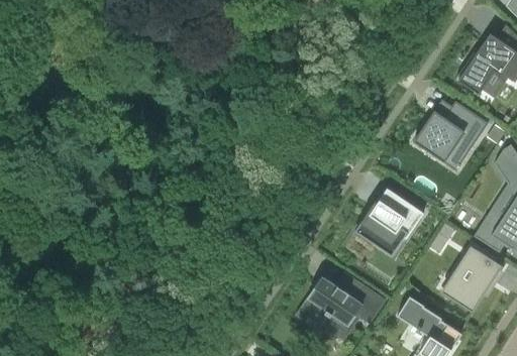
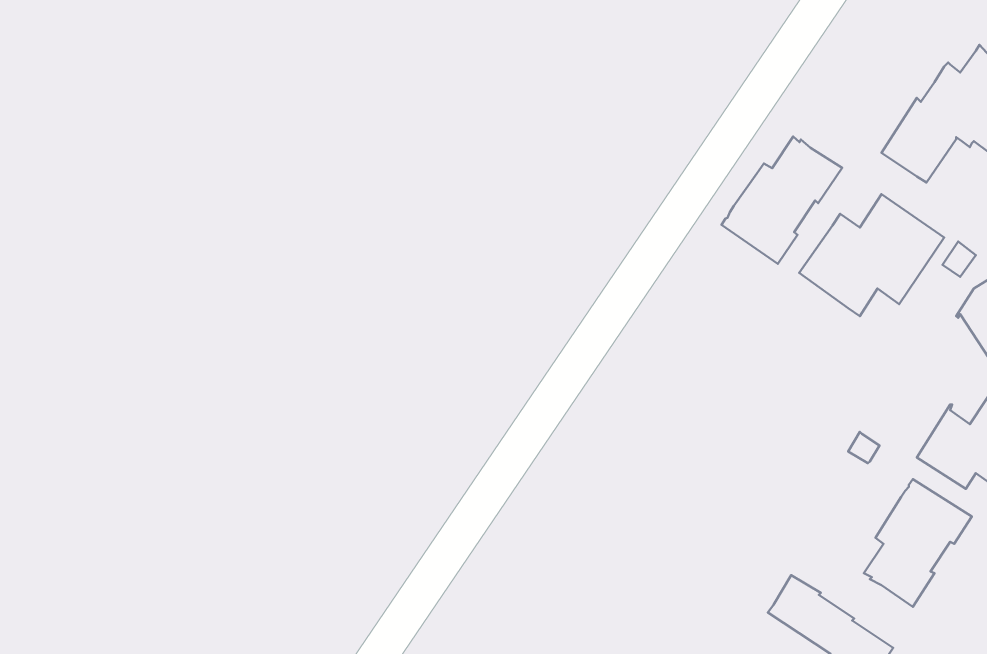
building: none -> [721,137,842,264]
building: [355,188,424,256] -> none
building: [296,275,386,331] -> none

